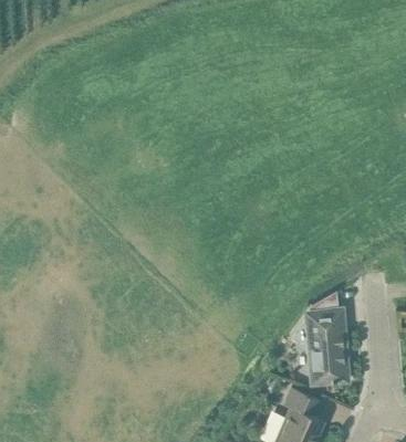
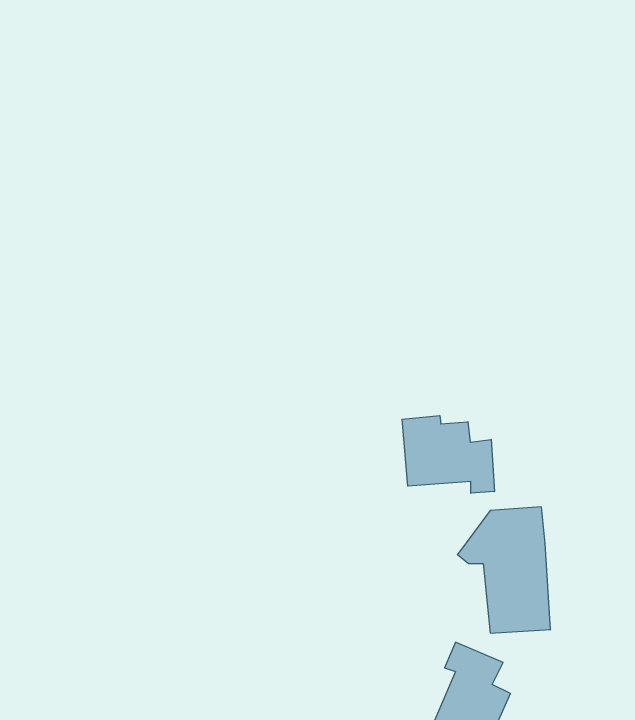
building: none -> [402,416,494,493]

